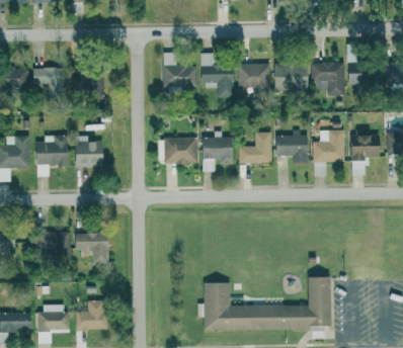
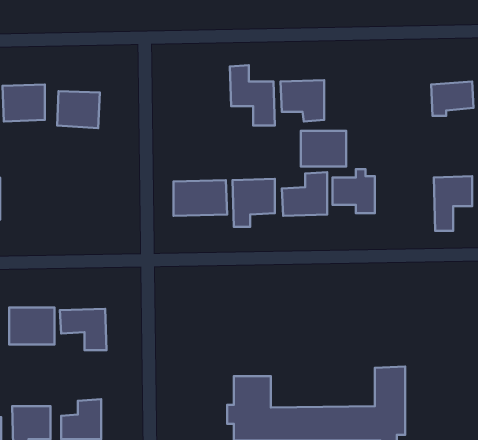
building: [162,53,196,89] -> none
building: [311,63,344,96] -> none
building: [273,64,307,90] -> [301,131,346,167]
building: [313,129,345,162] -> none
building: [34,135,67,176] -> none
building: [73,136,102,168] -> none

